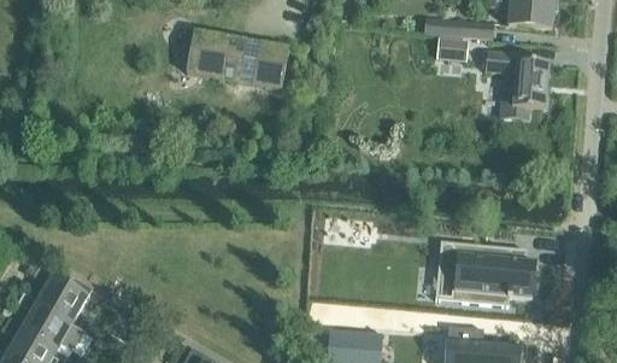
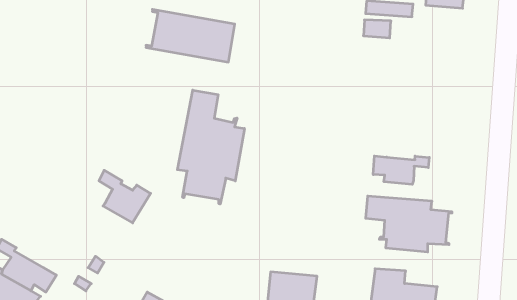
building: [484,52,547,119] -> none
building: none -> [177,90,244,204]
building: none -> [373,156,429,184]
building: [31,264,90,324] -> [99,170,151,223]

